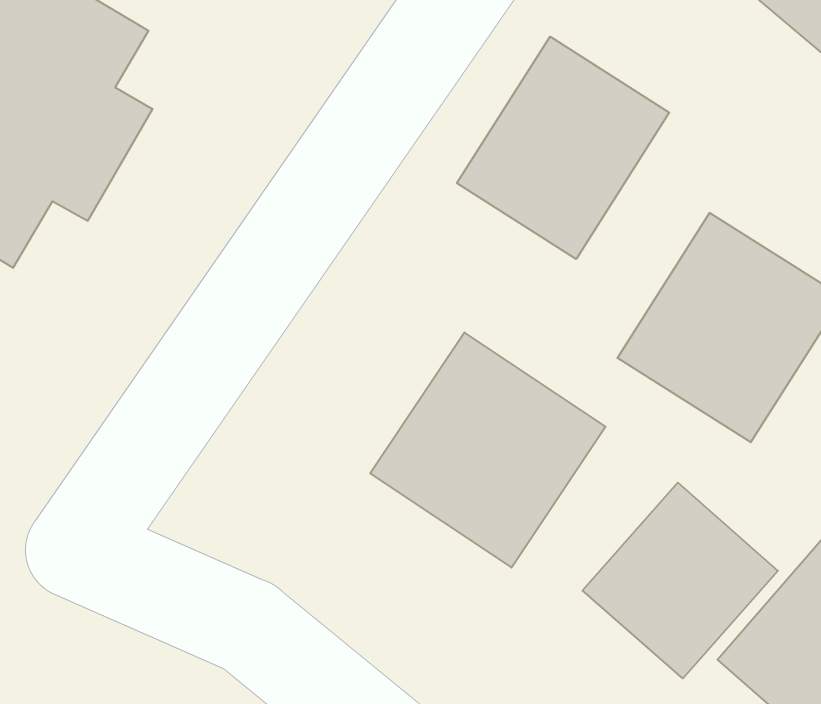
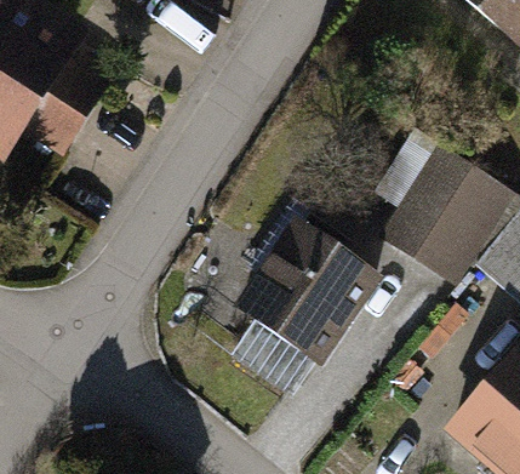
building: [457,37,669,259] -> none
building: [583,483,778,678] -> none

